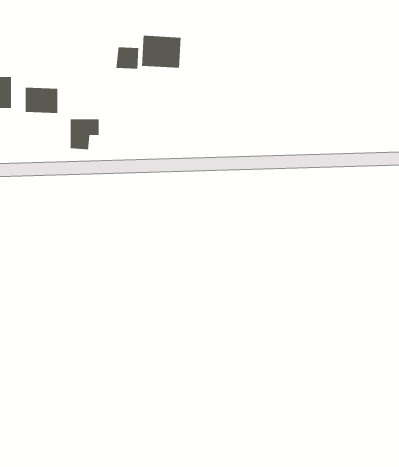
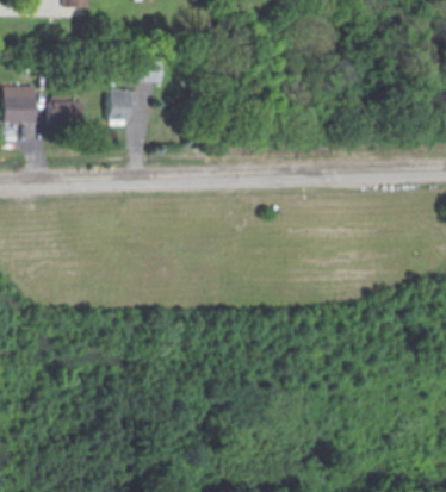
building: [141,35,181,68] -> none
building: [70,119,100,150] -> [107,89,137,120]

